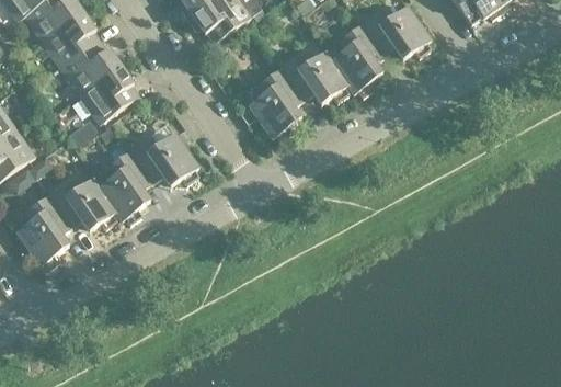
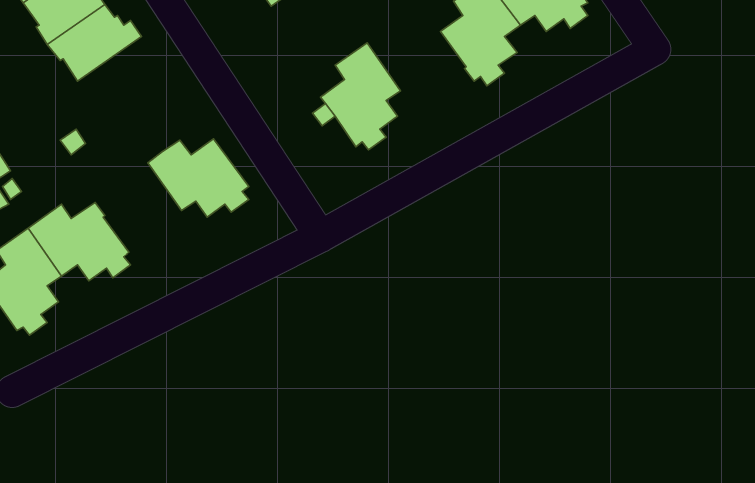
building: [278,50,348,104] -> none
building: [80,64,137,123] -> none
building: [98,150,151,225] -> none

